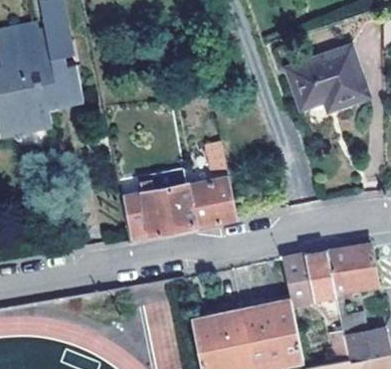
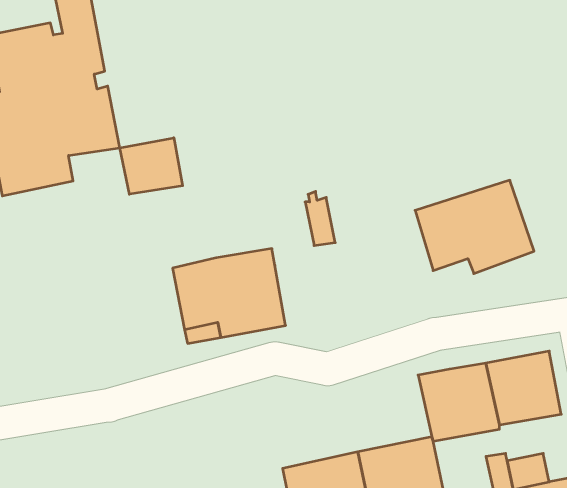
building: [287,47,367,110] -> [415,180,534,274]
building: none -> [120,138,183,194]
building: [187,179,237,226] -> none

